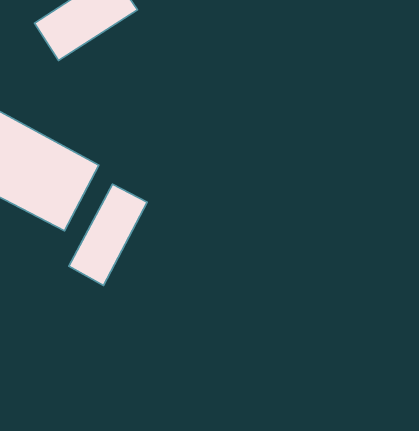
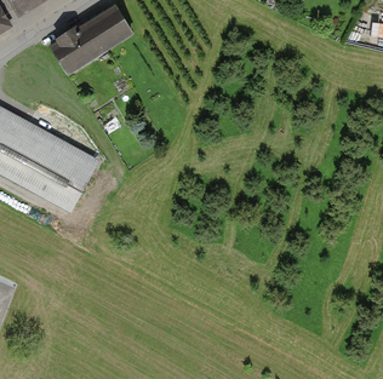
building: [69,184,147,286] -> none

